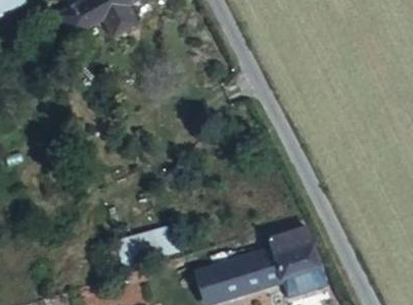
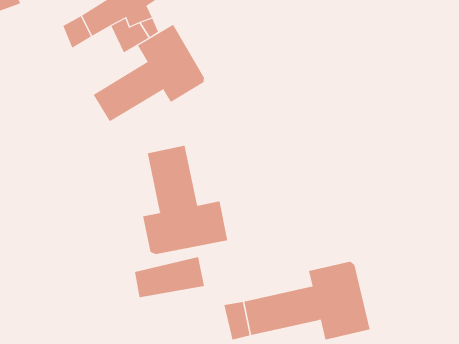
building: none -> [93,24,205,122]
building: none -> [142,145,228,255]

